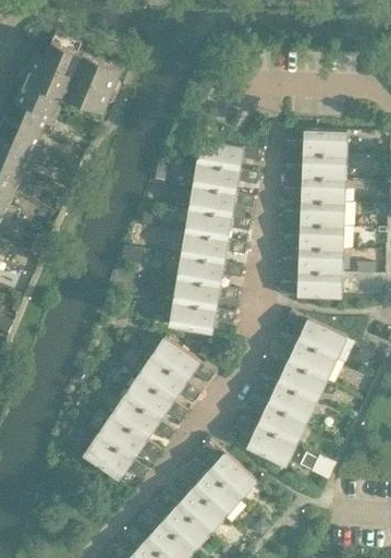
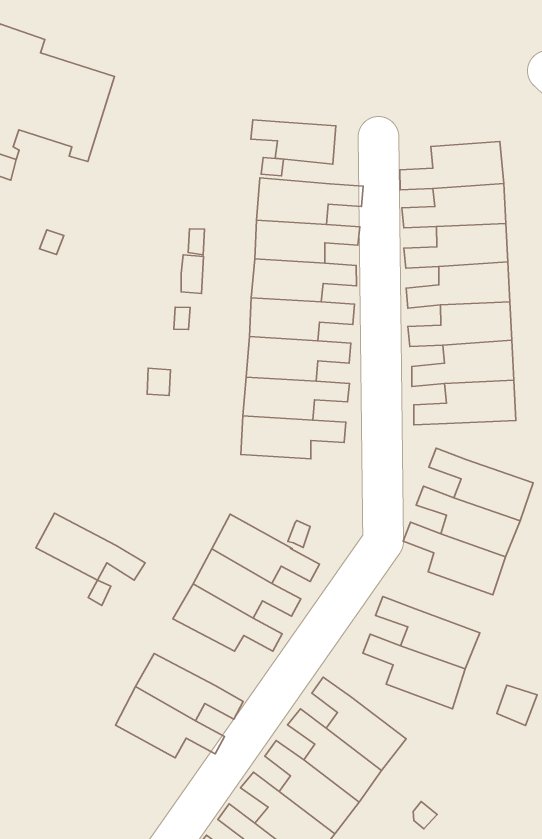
building: none -> [251,120,336,164]
building: [170,303,234,335] -> none
building: [256,375,316,423] -> none
building: [111,397,175,441] -> [36,513,145,580]

